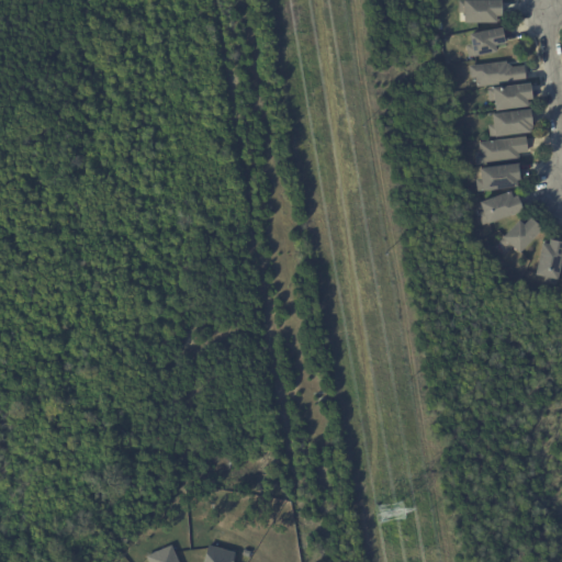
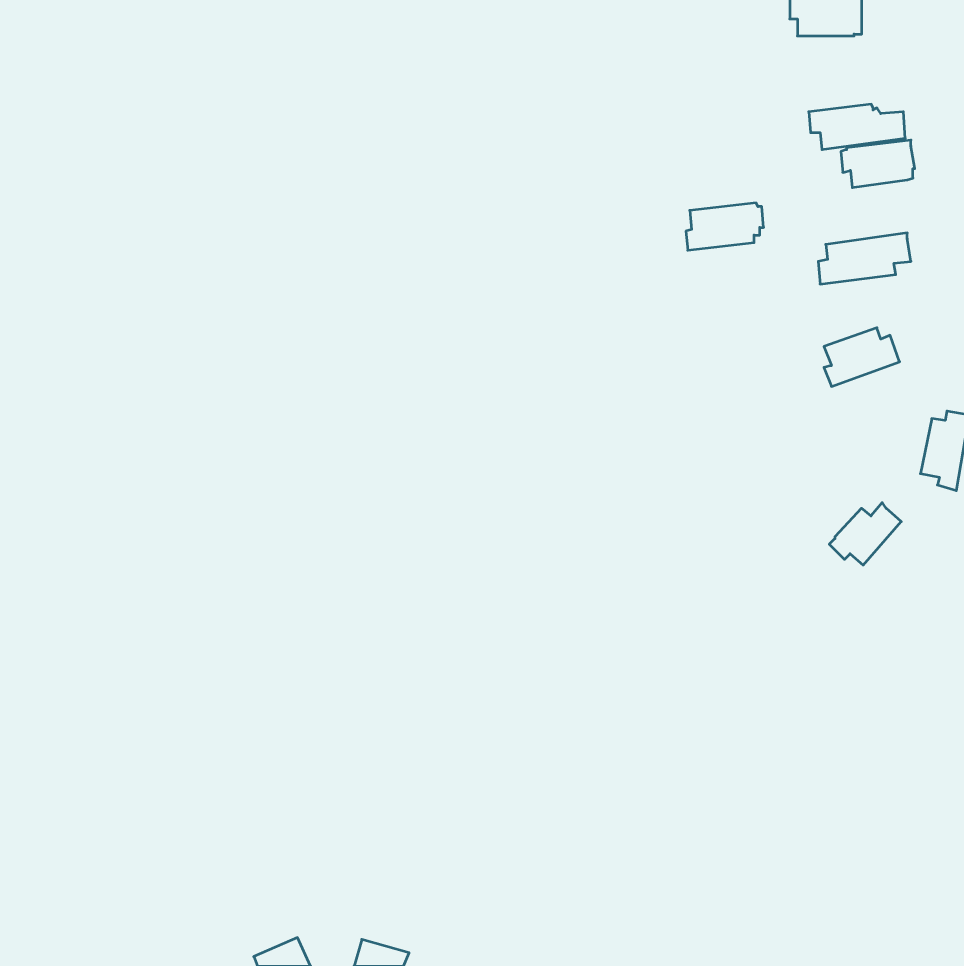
building: [468,26,505,56] -> none
building: [490,108,532,136] -> none
building: [477,162,522,190] -> [686,203,764,250]
building: [501,216,542,252] -> [829,503,901,565]

